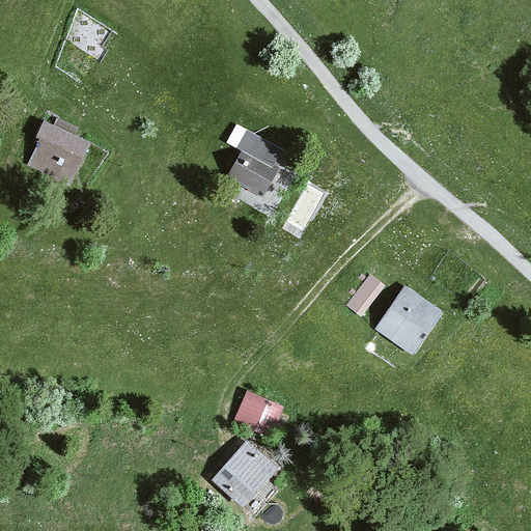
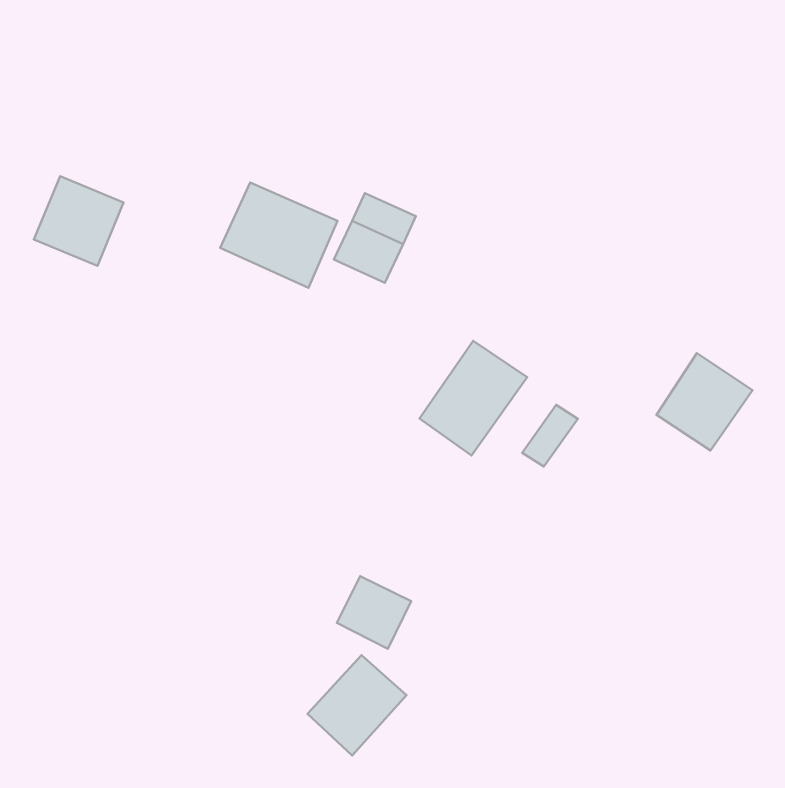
building: none -> [220,182,337,288]
building: none -> [419,341,527,455]
building: [378,286,442,352] -> [657,353,752,450]

